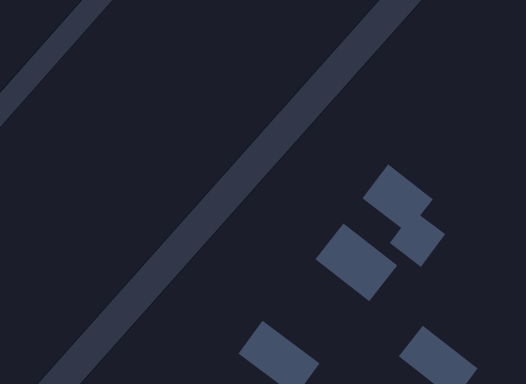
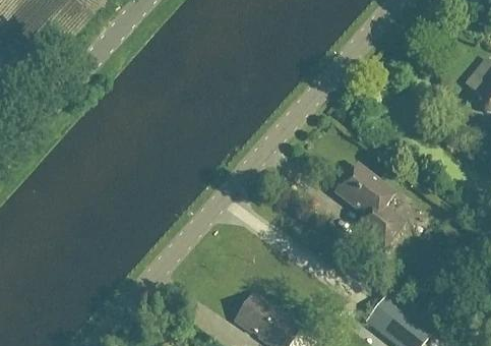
building: [315,222,398,302] -> none

